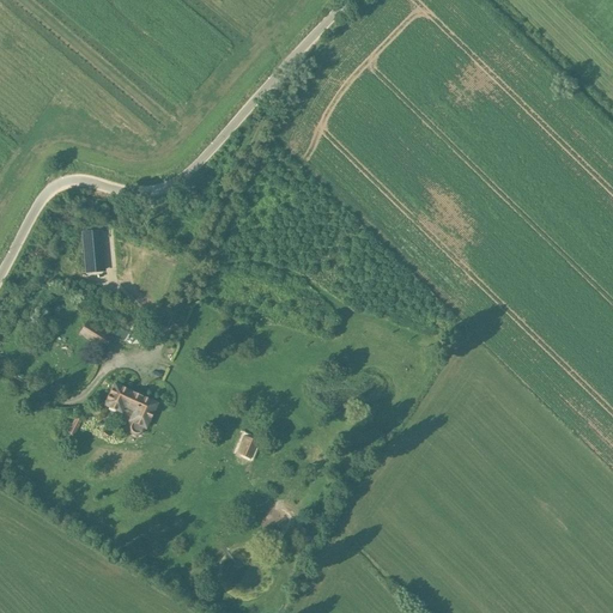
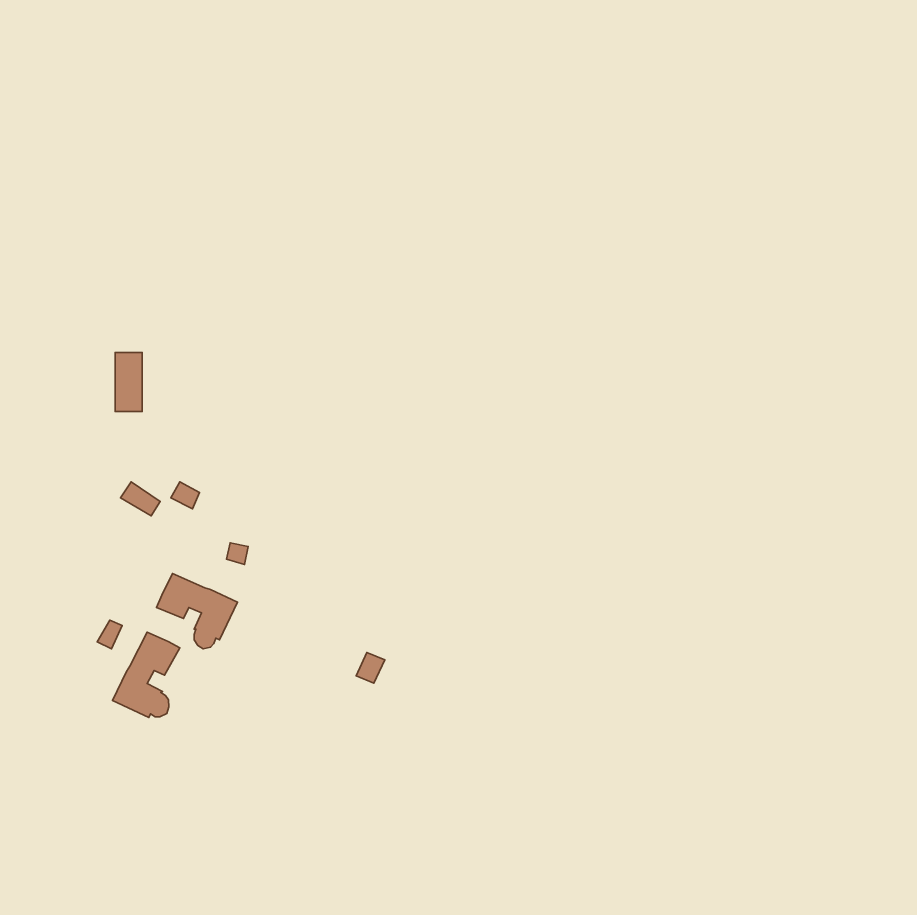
building: none -> [113,632,180,718]

